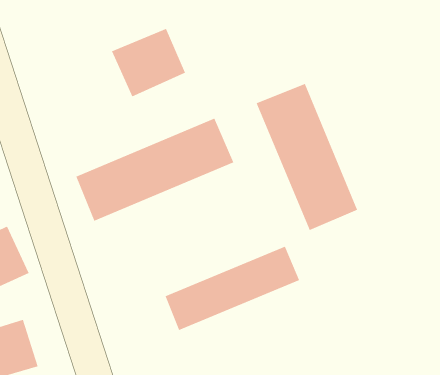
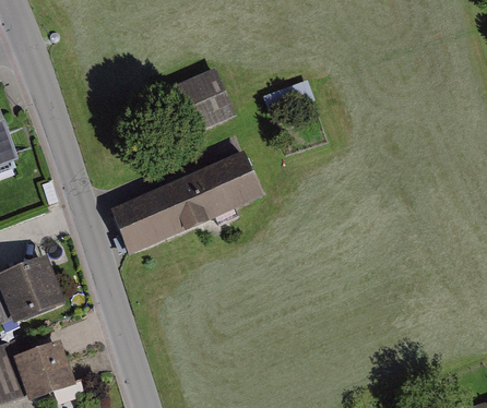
building: [256,83,358,231] -> none
building: [165,246,300,331] -> none

